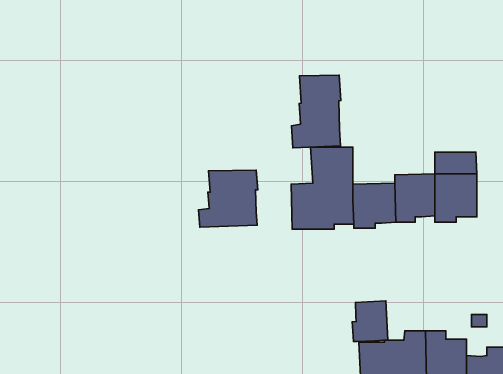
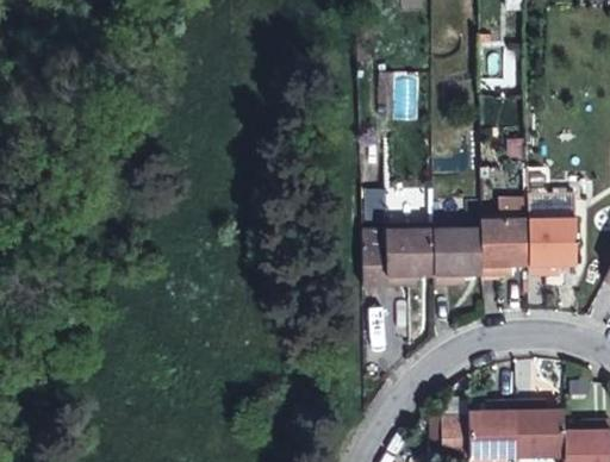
building: [292,75,341,148] -> none
building: [199,170,258,227] -> none
building: [352,301,388,342] -> none

